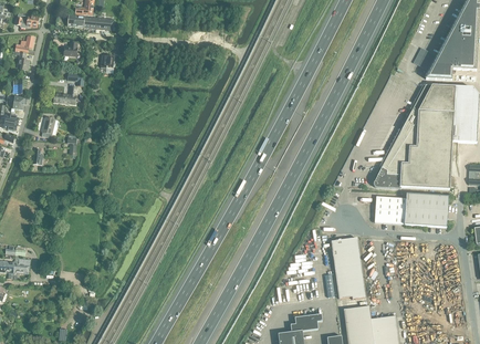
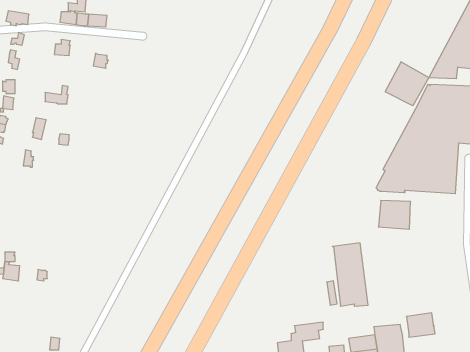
building: none -> [385,62,429,106]
building: [405,192,449,227] -> none
building: [344,305,372,329] -> [406,313,435,337]

